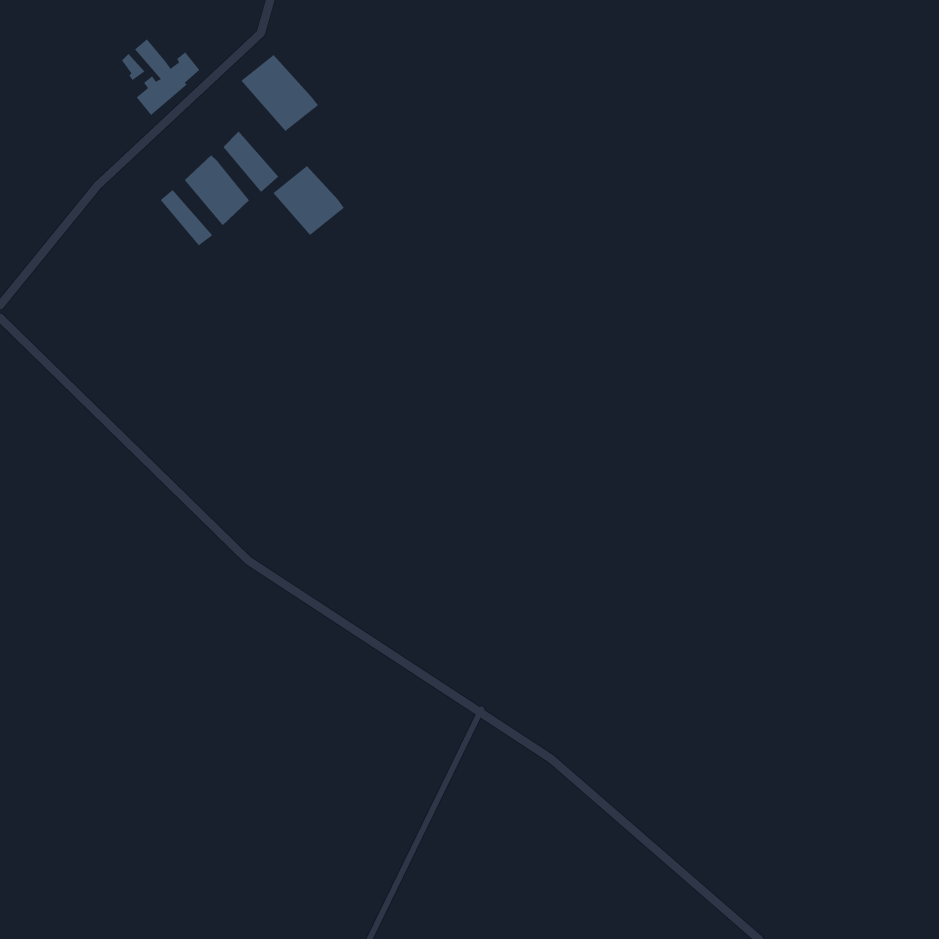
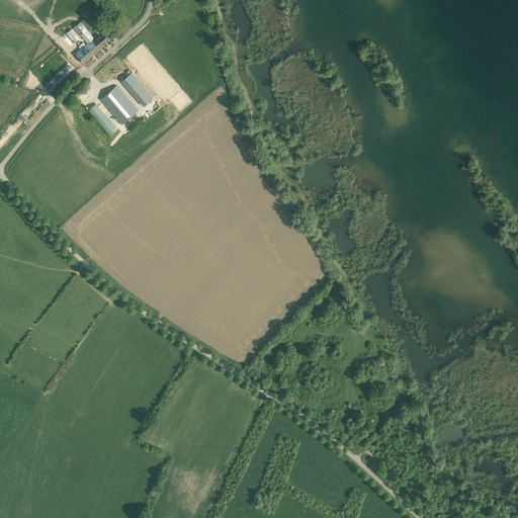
building: [240,54,319,132] -> none
building: [272,165,345,236] -> none

